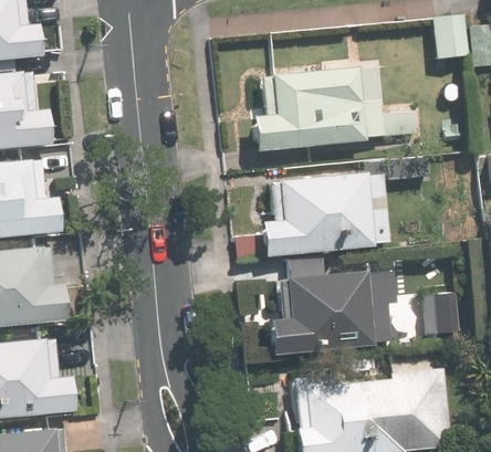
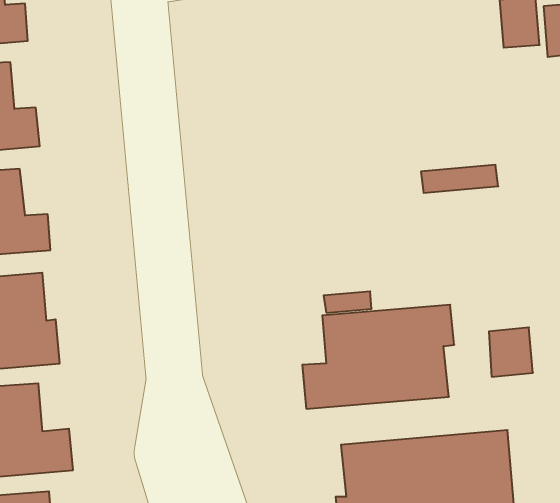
building: [251,67,416,151] -> none
building: [236,175,388,264] -> none

